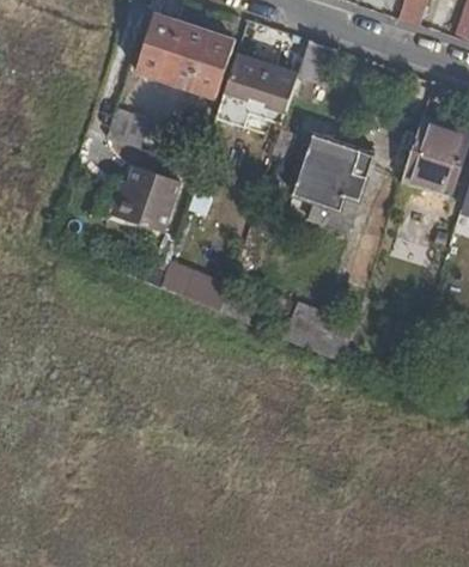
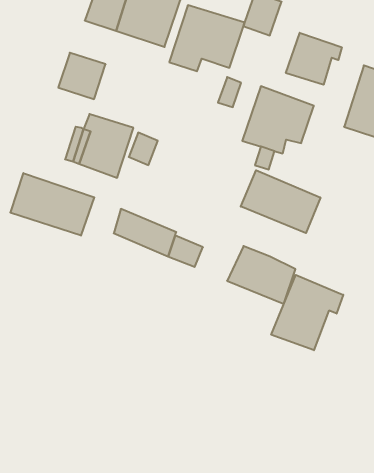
building: none -> [286,33,342,85]
building: none -> [241,170,320,233]
building: none -> [10,173,94,236]
building: none -> [271,275,343,350]

